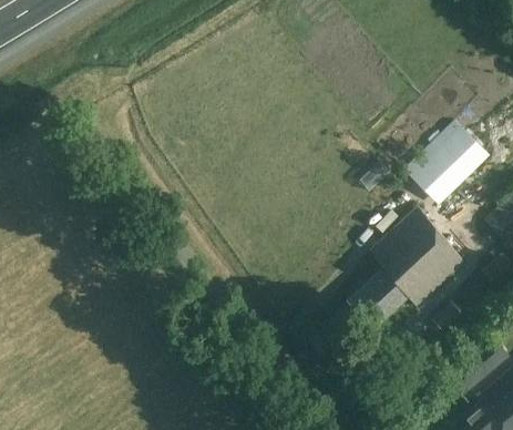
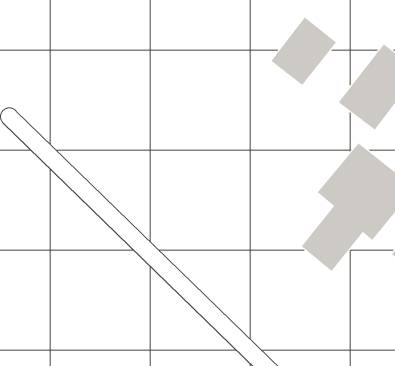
building: none -> [270,17,337,86]

